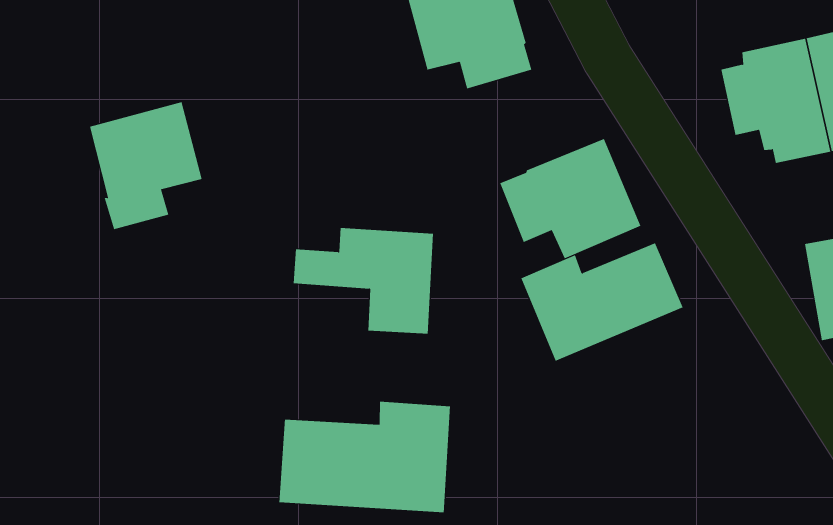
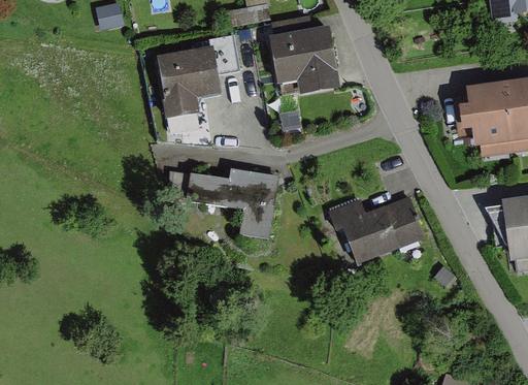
building: [89,101,202,230] -> [160,45,225,119]
building: [499,138,641,259] -> none
building: [279,401,450,513] -> none

